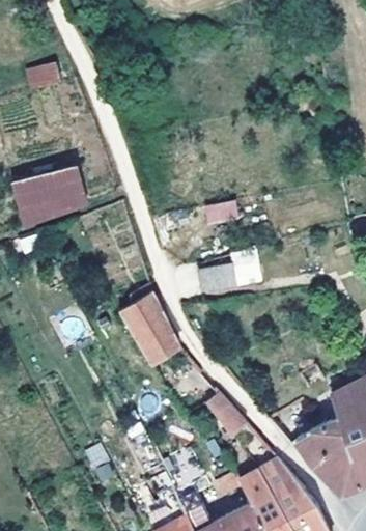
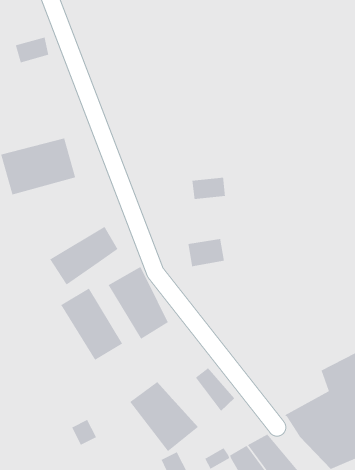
building: none -> [49,226,118,286]
building: none -> [60,288,123,361]
building: none -> [129,381,199,452]

